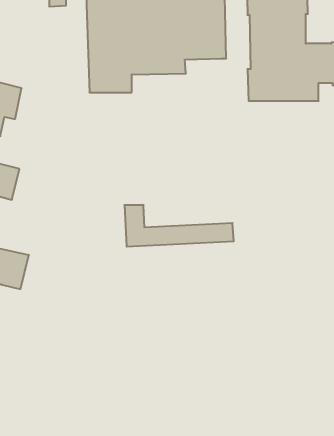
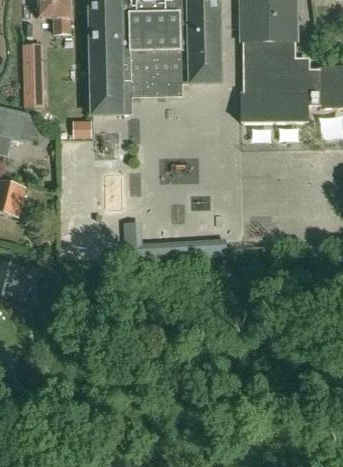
building: none -> [23,43,44,105]

